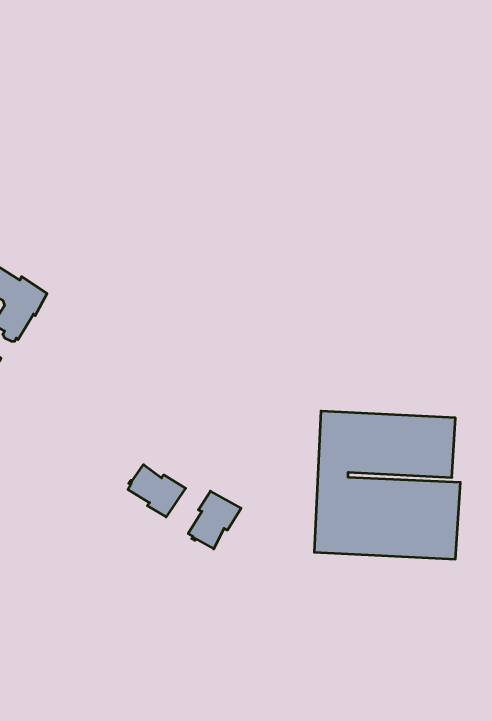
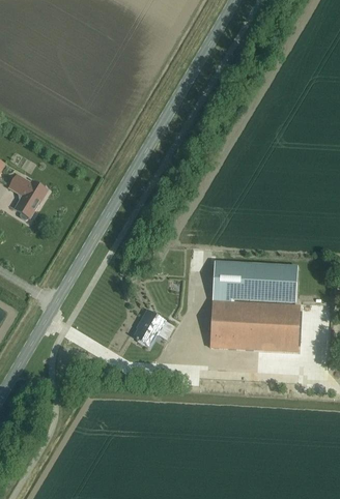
building: [128,465,186,517] -> none

